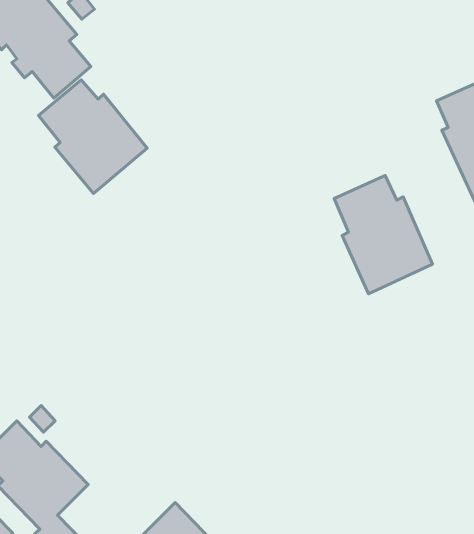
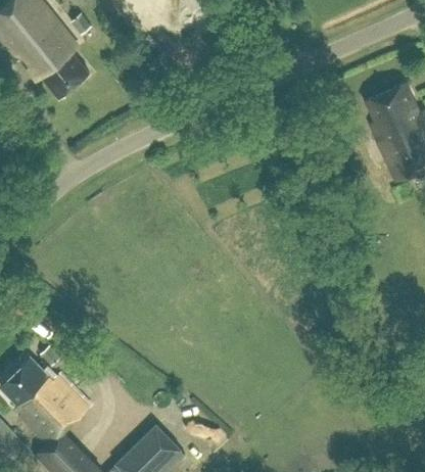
building: [38,80,147,194] -> none
building: [334,175,432,294] -> none

